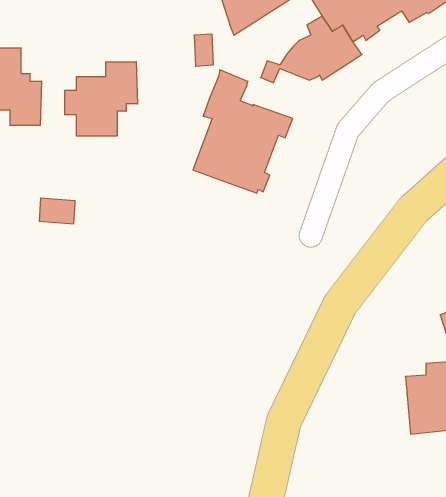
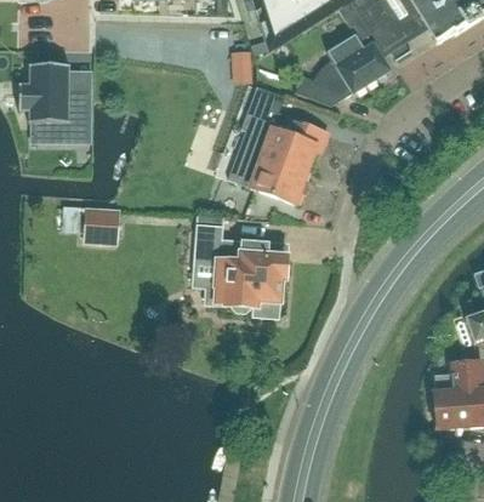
building: [65,62,138,136] -> none
building: none -> [194,226,285,316]

